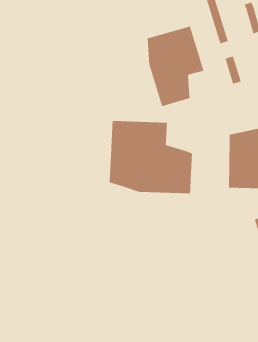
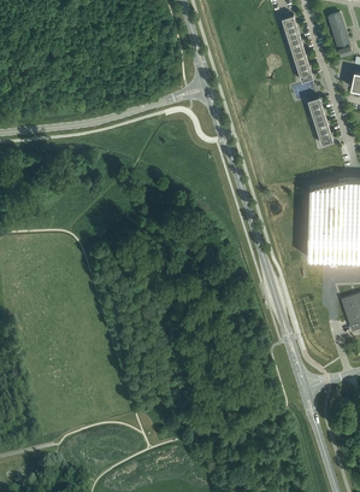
building: [147,25,205,107] -> none
building: [109,120,193,194] -> none

